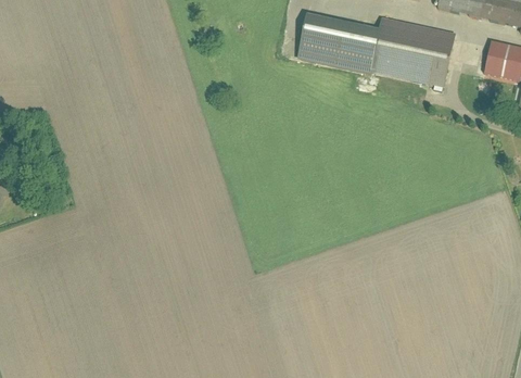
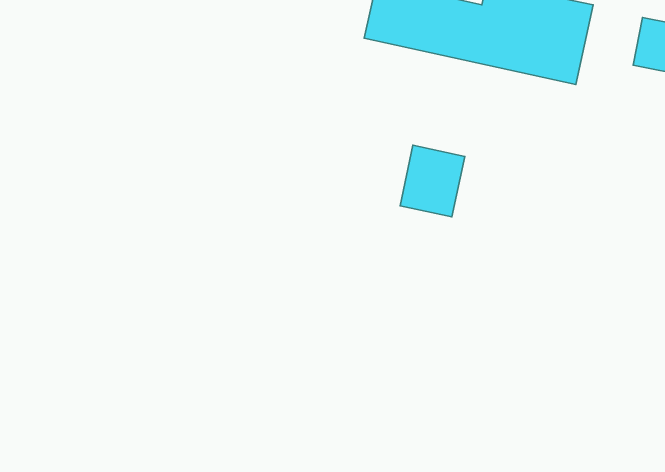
building: none -> [400,145,465,217]

